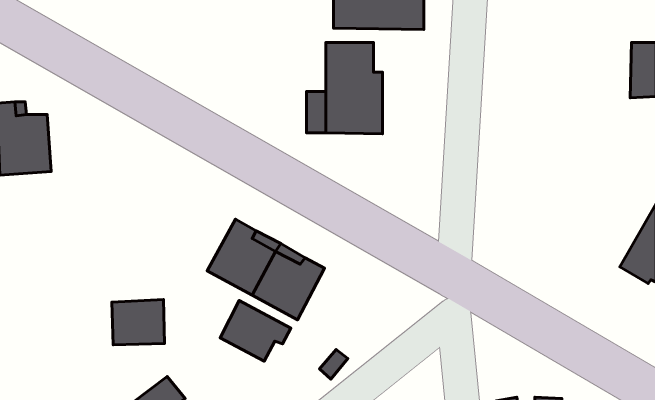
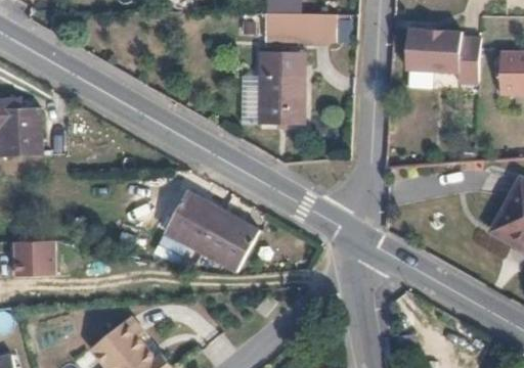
building: none -> [407,29,481,85]
building: [112,300,165,345] -> [14,239,56,275]
building: [220,301,291,361] -> none

